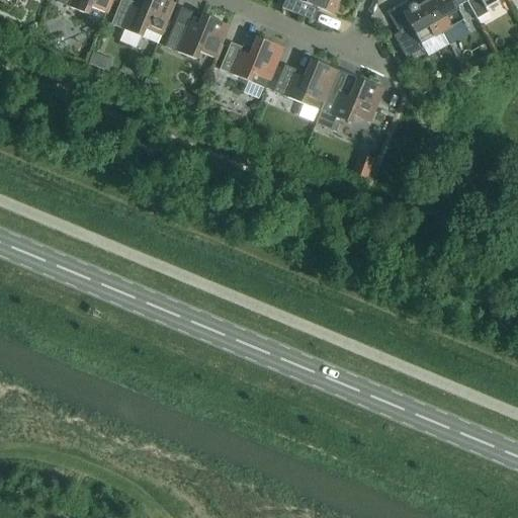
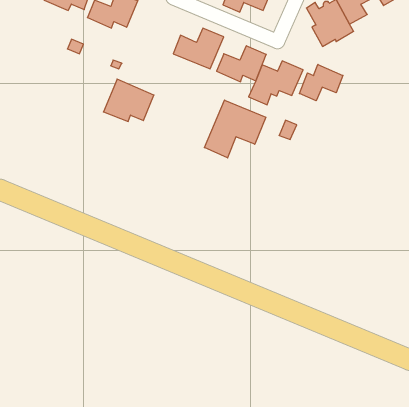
building: [165,4,229,58] -> [103,79,154,121]
building: none -> [299,64,343,101]
building: none -> [204,100,266,158]

